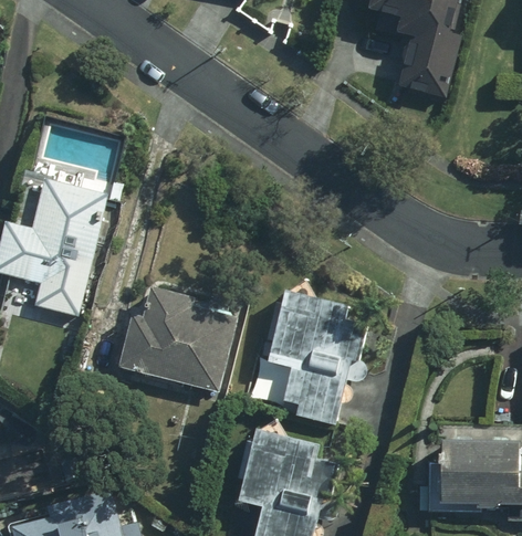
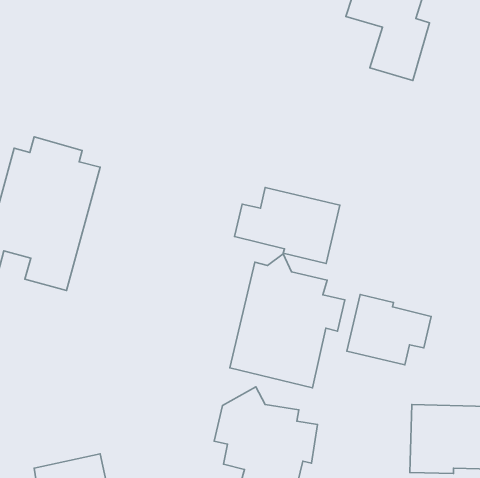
building: none -> [234,187,340,264]
building: [119,290,234,393] -> none
building: none -> [347,294,431,365]

